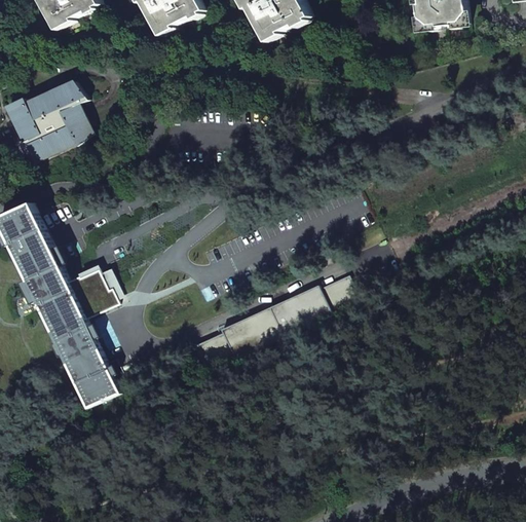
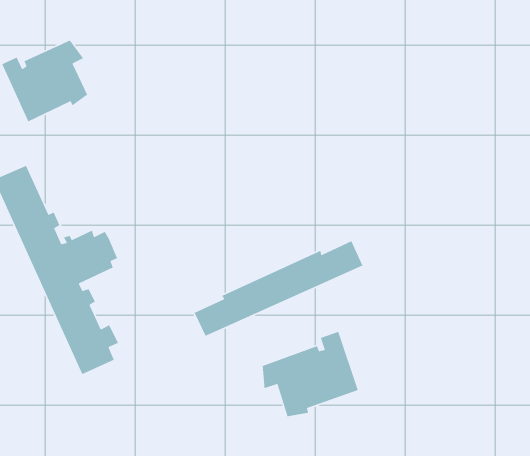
building: none -> [262,331,359,417]

